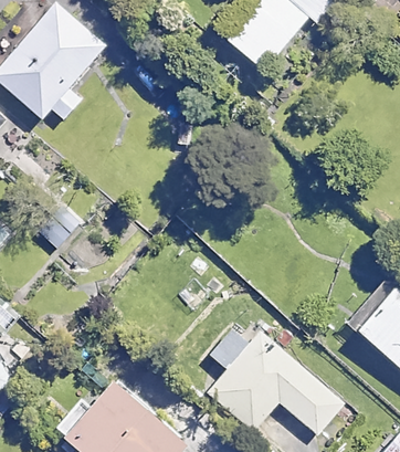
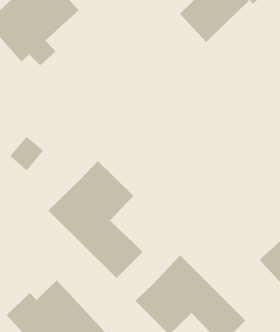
building: none -> [48,160,144,279]

